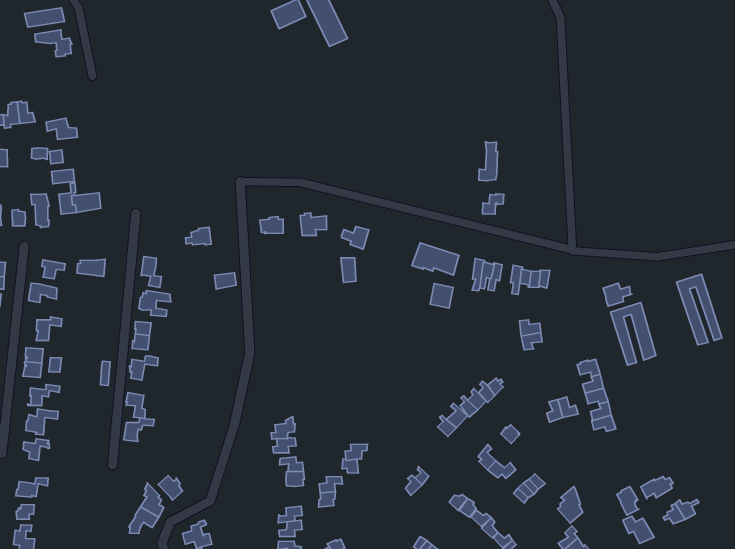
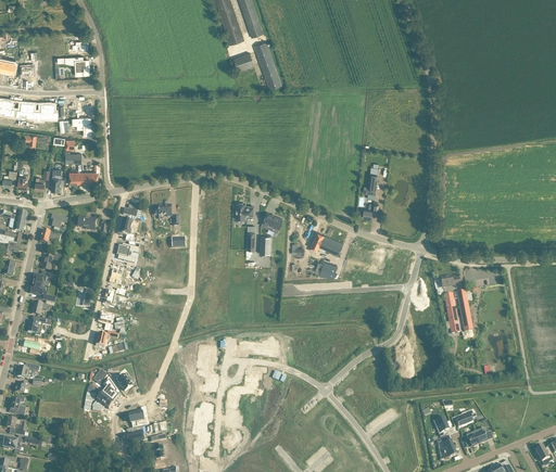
building: [676,274,722,345] -> none

